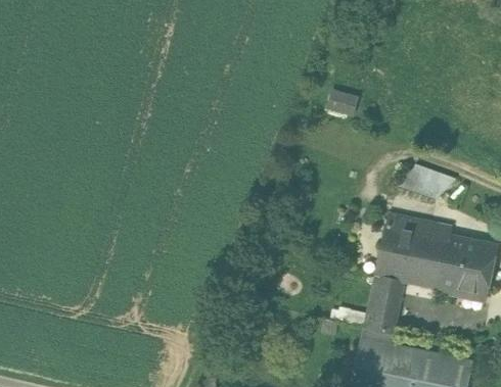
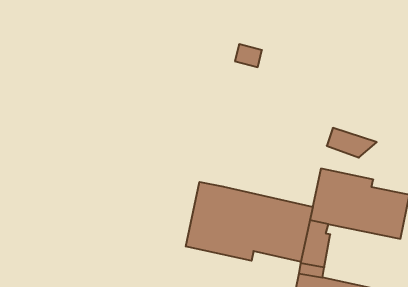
building: [326,88,359,115] -> [235,44,262,67]
building: none -> [186,182,313,262]

